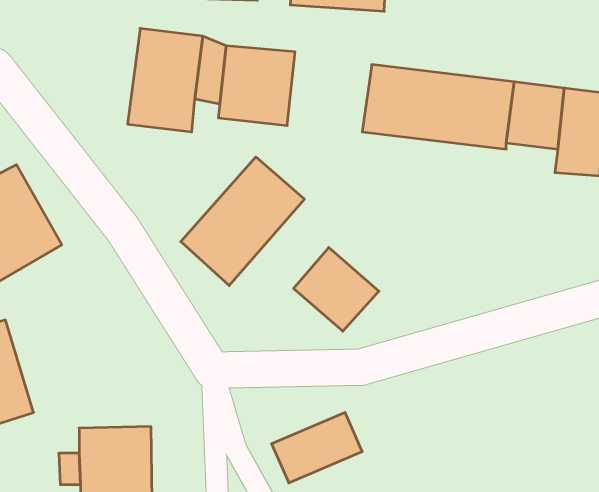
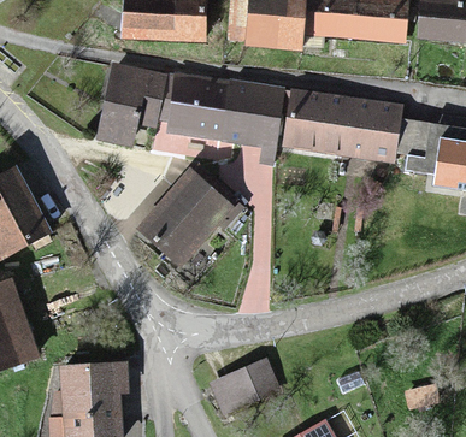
building: none -> [223,82,279,143]
building: [294,247,379,331] -> none

